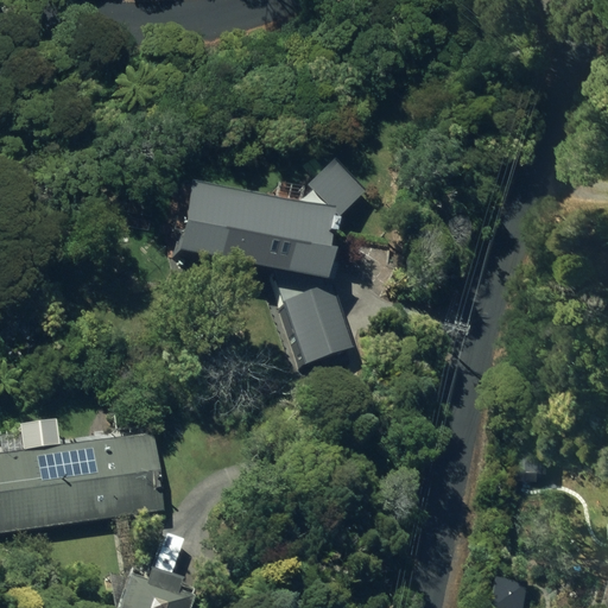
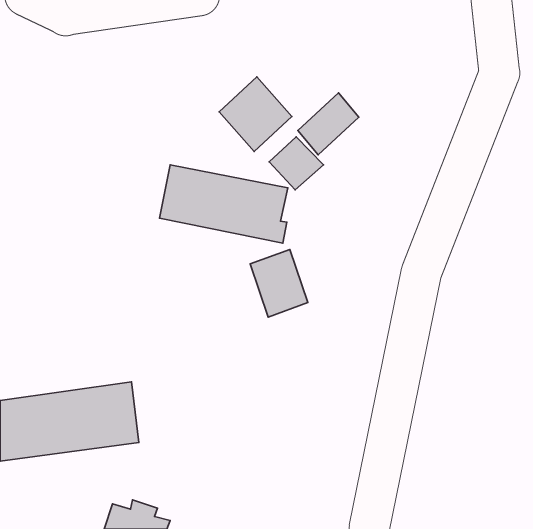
building: none -> [219,77,292,152]
building: none -> [298,93,359,155]

